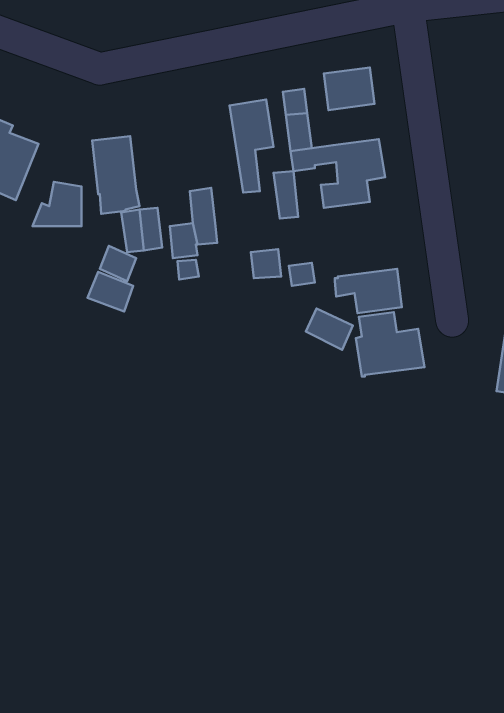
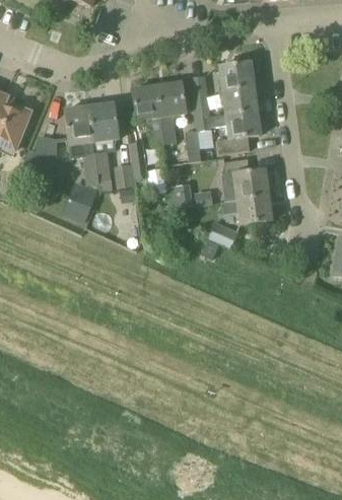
building: none -> [222,84,256,112]
building: none -> [133,85,165,145]
building: none -> [90,102,118,152]
building: [356,312,424,376] -> [222,157,268,200]

